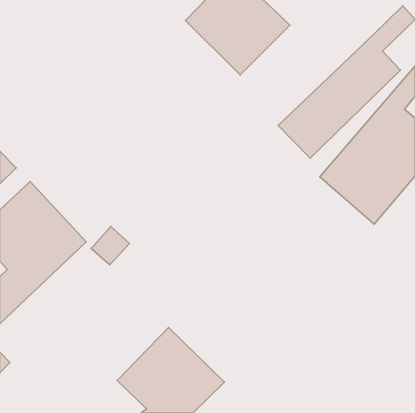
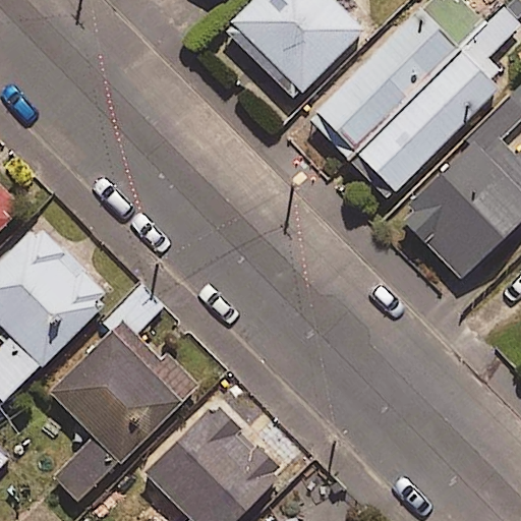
building: none -> [308,12,456,157]
building: none -> [51,325,187,502]

